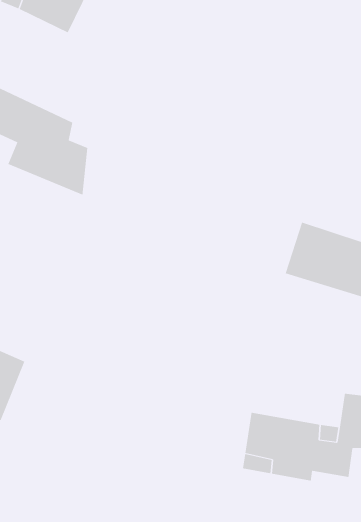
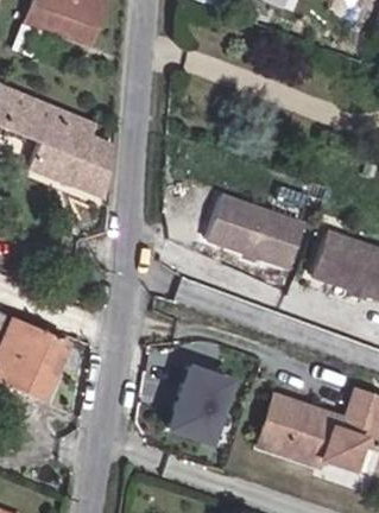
building: none -> [196,191,290,261]
building: none -> [154,366,219,442]

